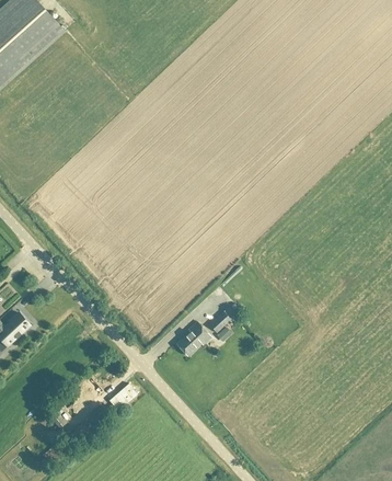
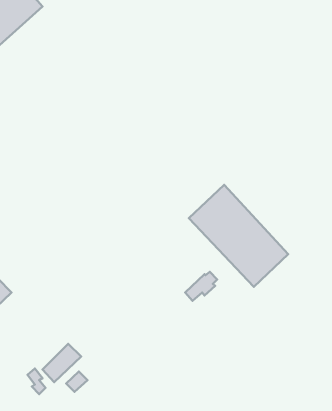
building: none -> [189,185,288,287]
building: [176,321,211,355] -> none

